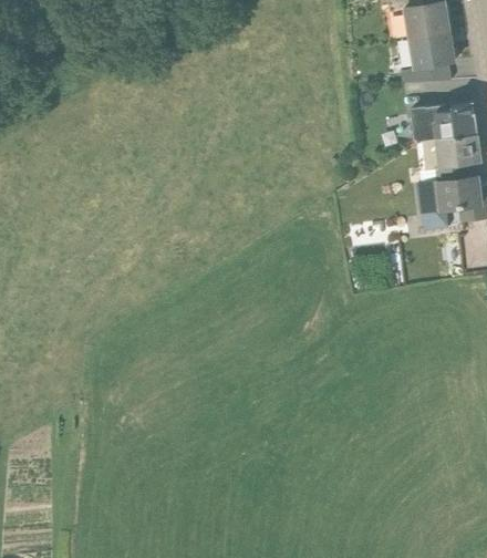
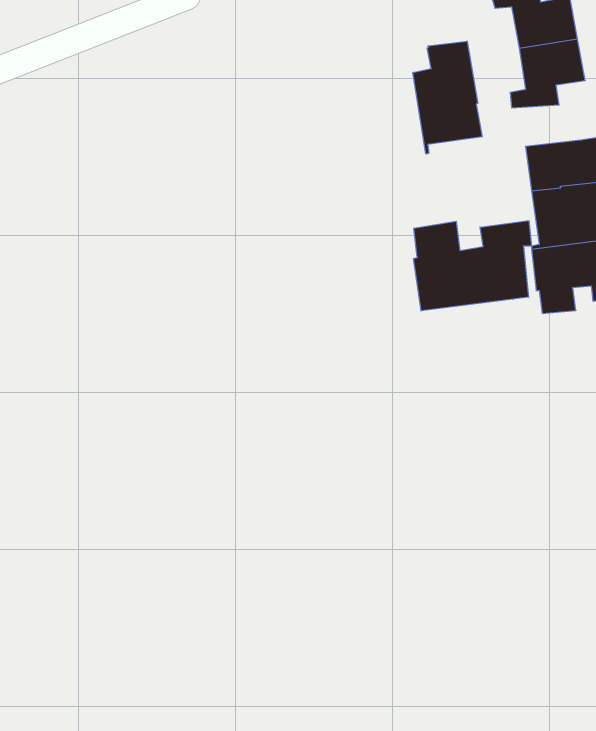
building: none -> [413,41,482,154]
building: none -> [413,221,532,311]

